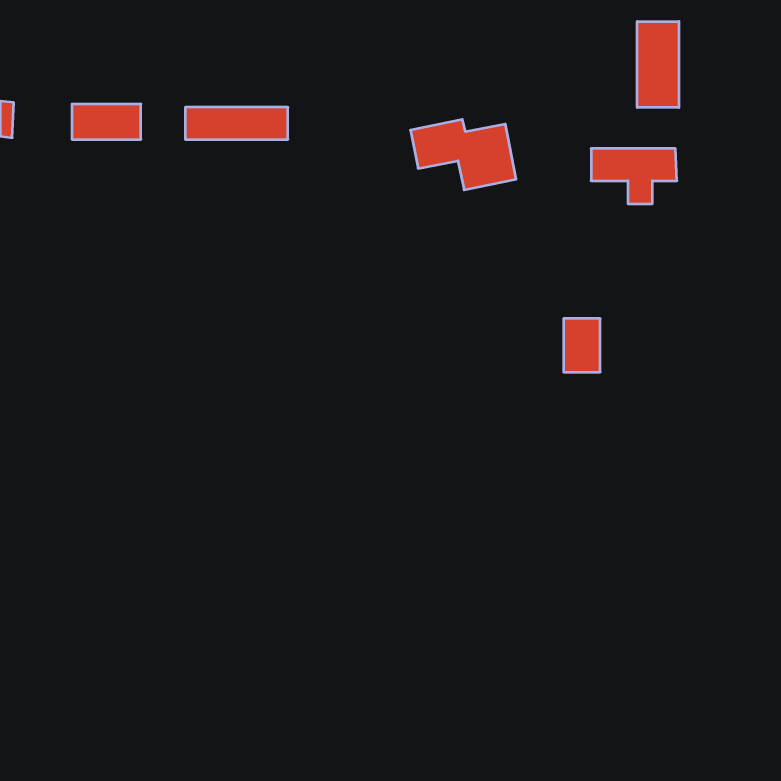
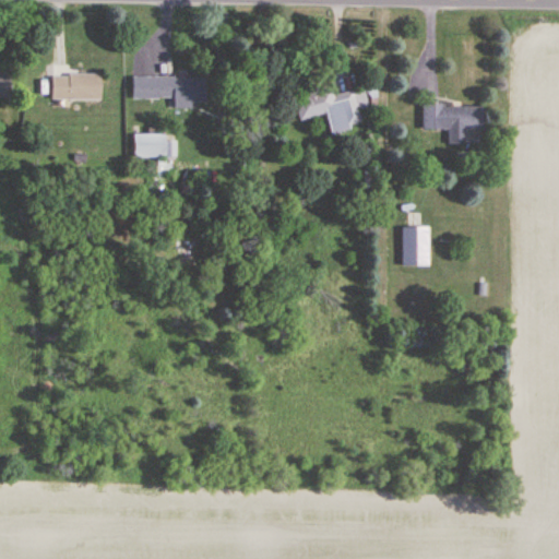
building: [637,21,679,108] -> none
building: none -> [134,133,166,158]

